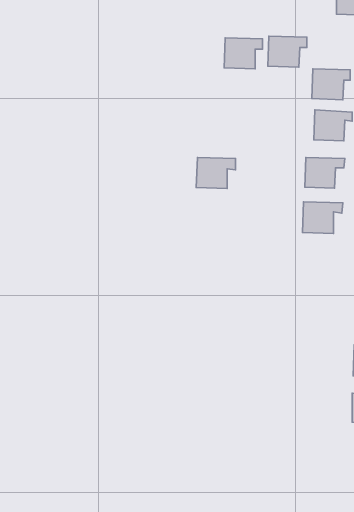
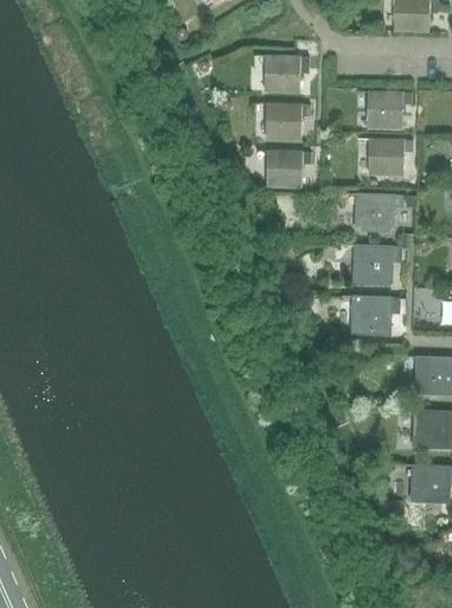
building: [268,36,307,67] -> [265,103,310,139]
building: [196,157,235,188] -> [266,151,311,186]
building: none -> [352,296,399,332]

